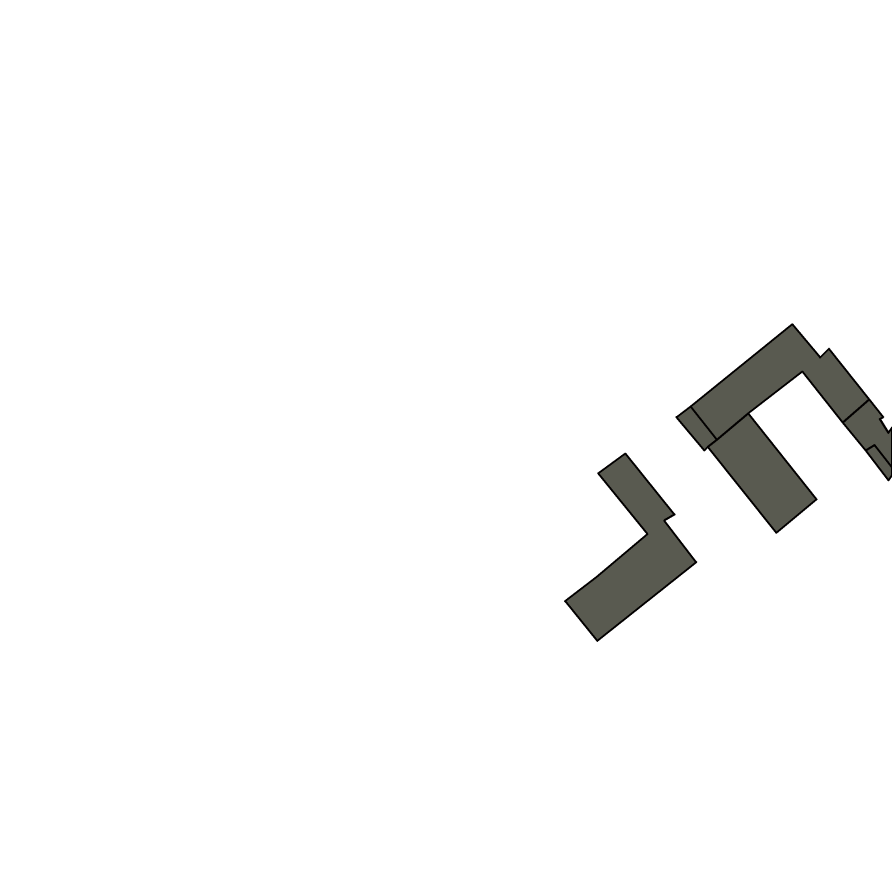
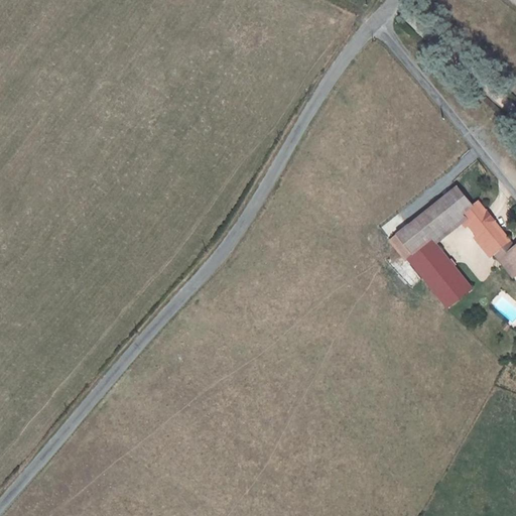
building: [565,454,696,641] -> none

